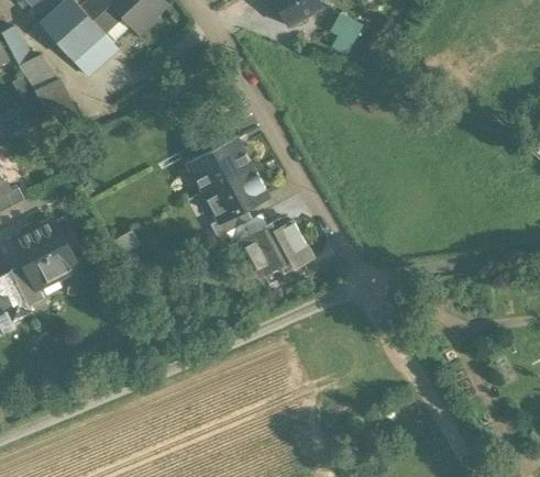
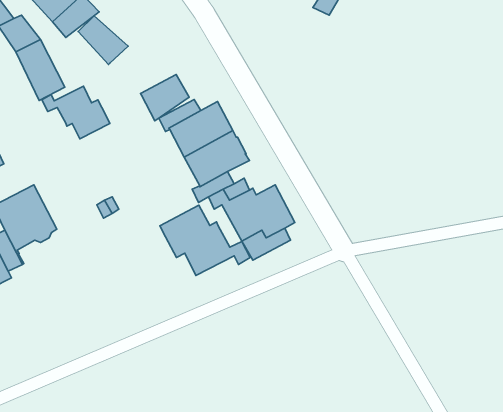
building: none -> [78,16,128,64]
building: none -> [141,75,189,121]
building: none -> [42,86,110,139]
building: none -> [160,205,250,276]

